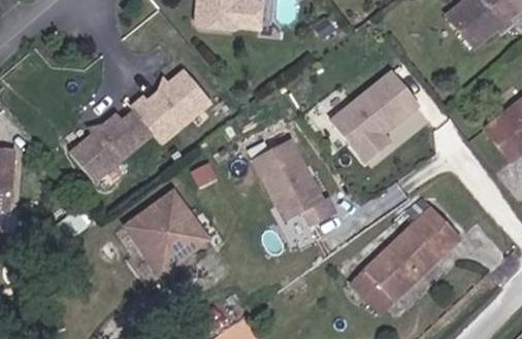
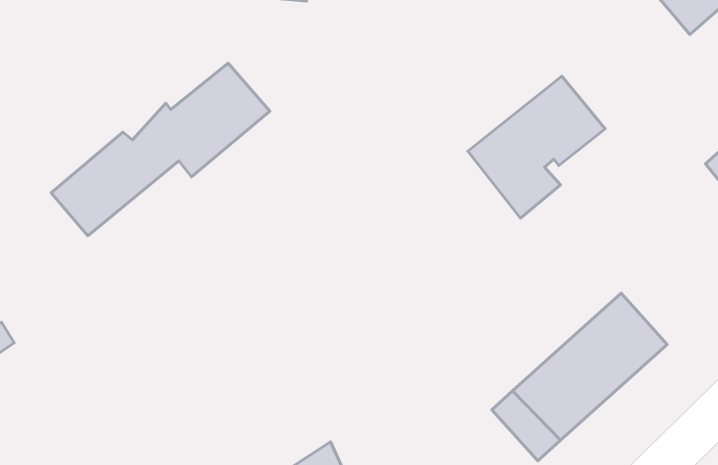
building: [254,138,336,226] -> none
building: [126,185,209,269] -> none

